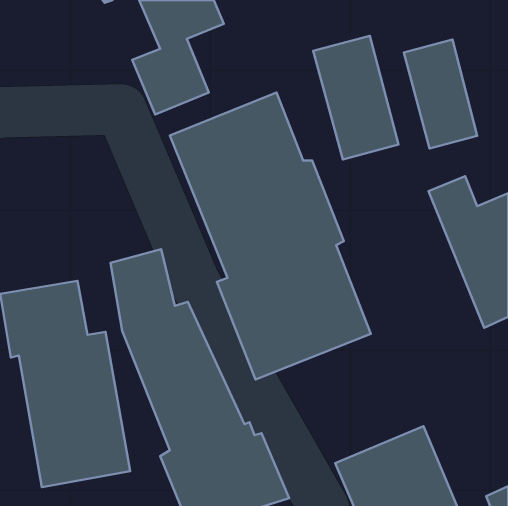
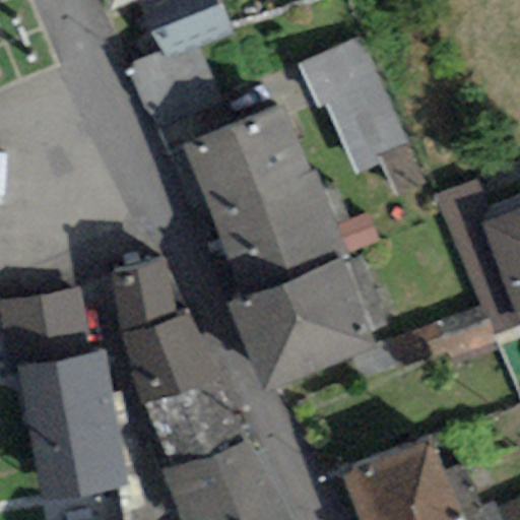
building: [404,40,477,148] -> none

